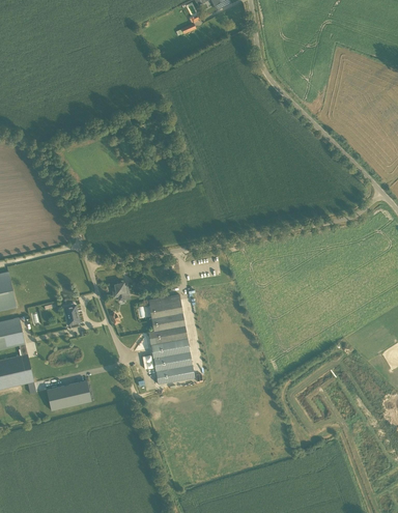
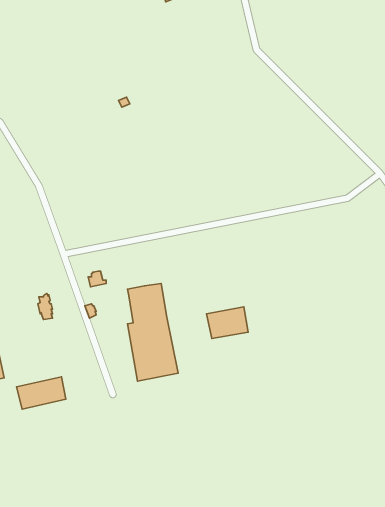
building: none -> [207,307,248,339]

